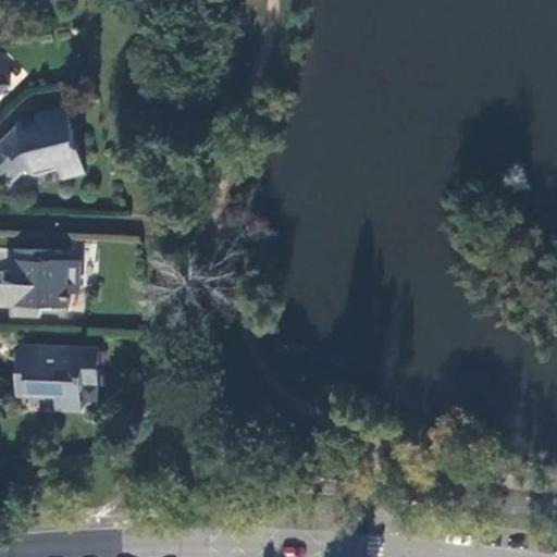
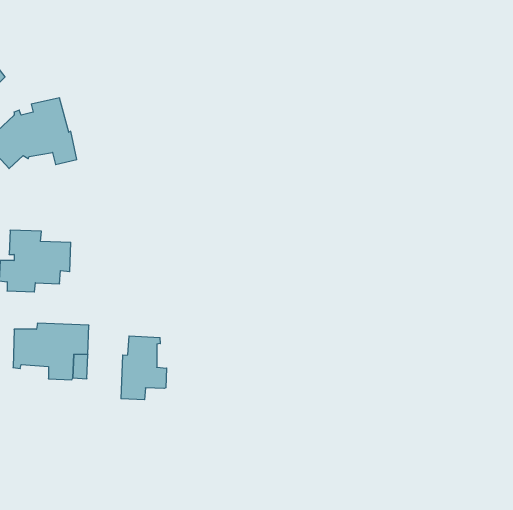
building: none -> [121,336,167,400]

